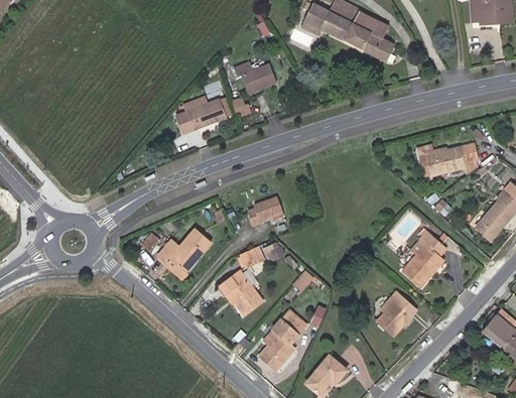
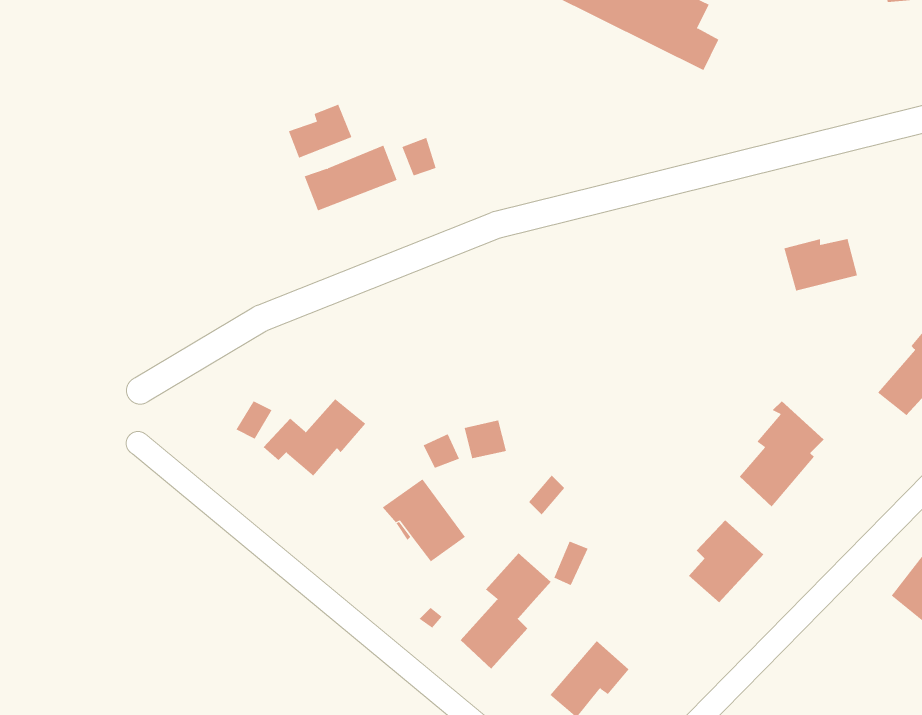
building: [241,64,276,94] -> none
building: none -> [288,104,352,158]
building: [460,143,479,175] -> none
building: [249,197,281,225] -> none

